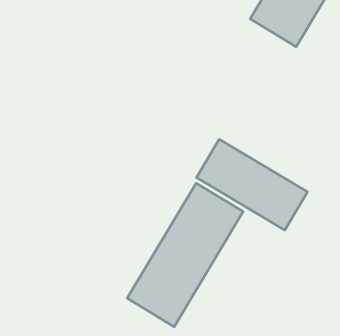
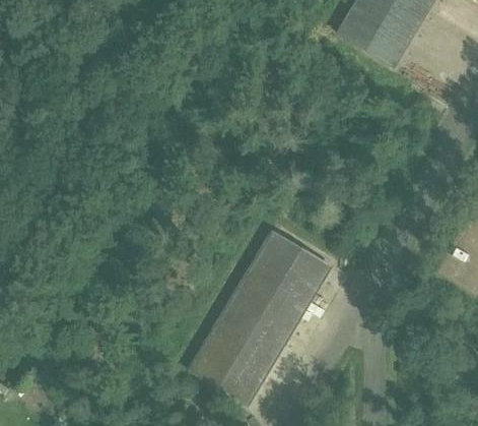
building: [197,139,307,230] -> none

